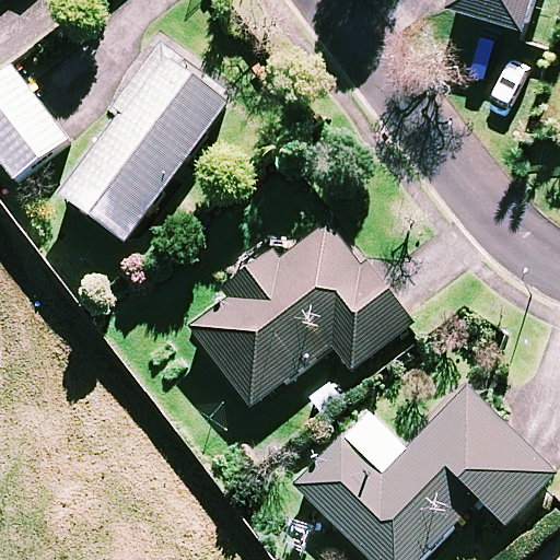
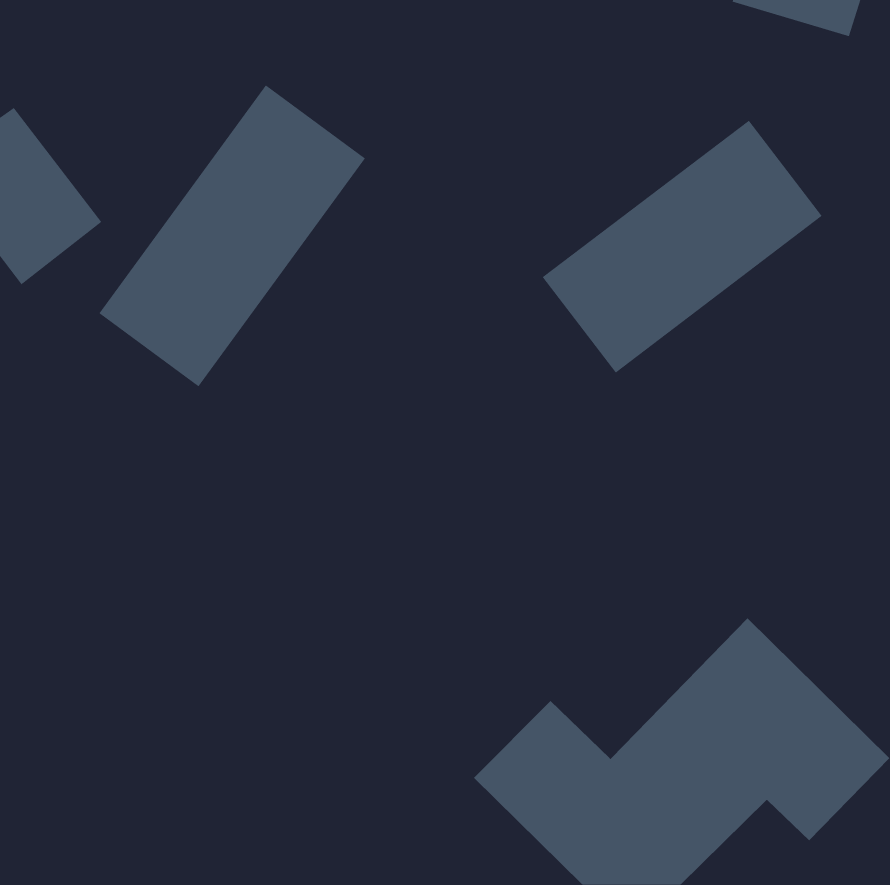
building: none -> [542,120,823,373]
building: [189,218,409,404] -> none

